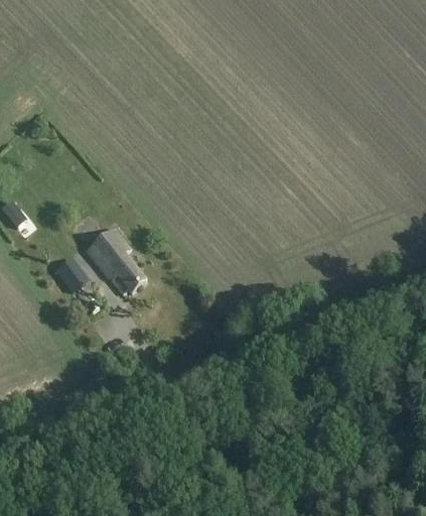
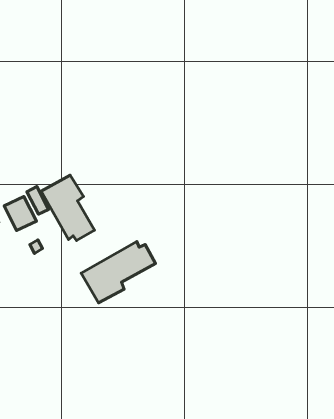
building: none -> [81,242,156,303]

